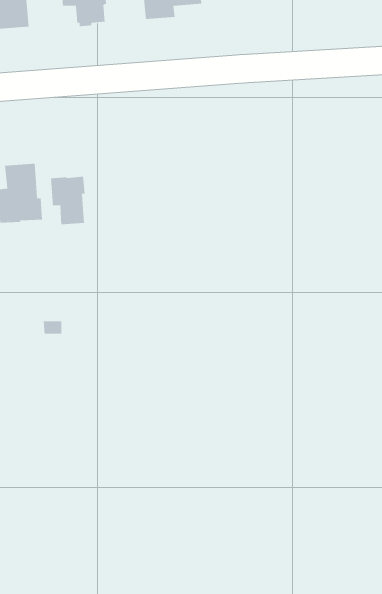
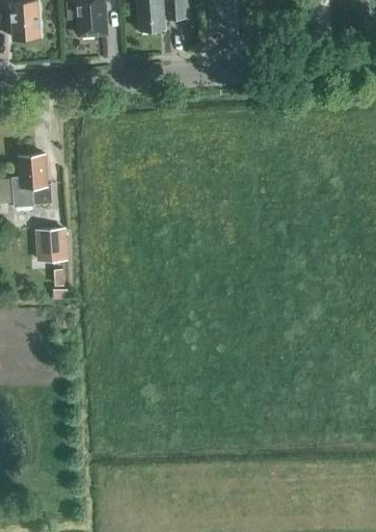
building: [50,176,85,225] -> none
building: none -> [33,229,61,257]

